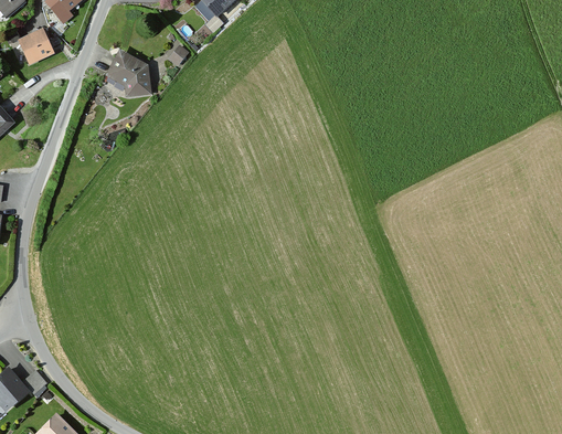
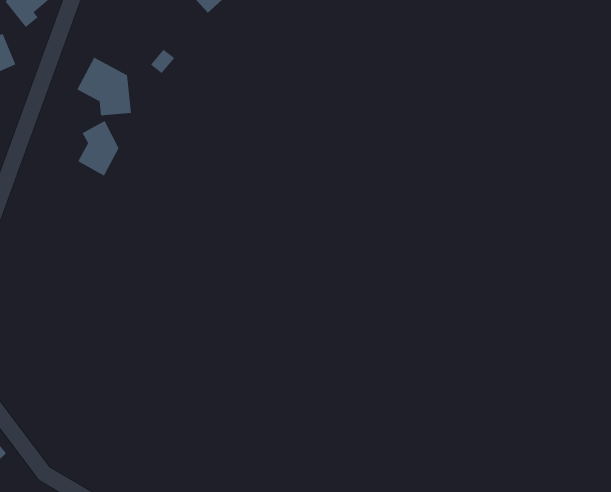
building: none -> [77,120,119,176]

